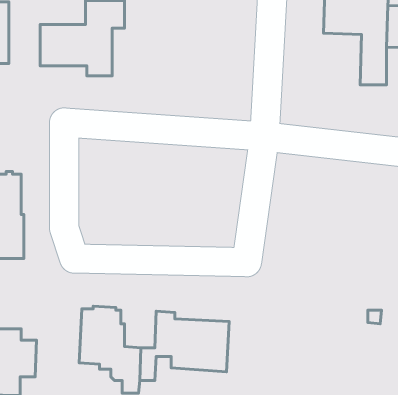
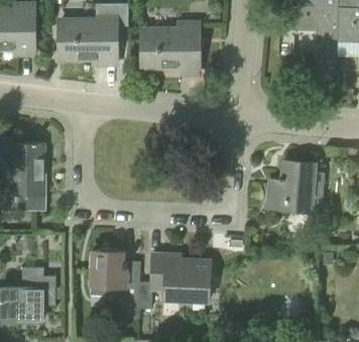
building: none -> [140,22,199,73]
building: none -> [267,160,324,213]

